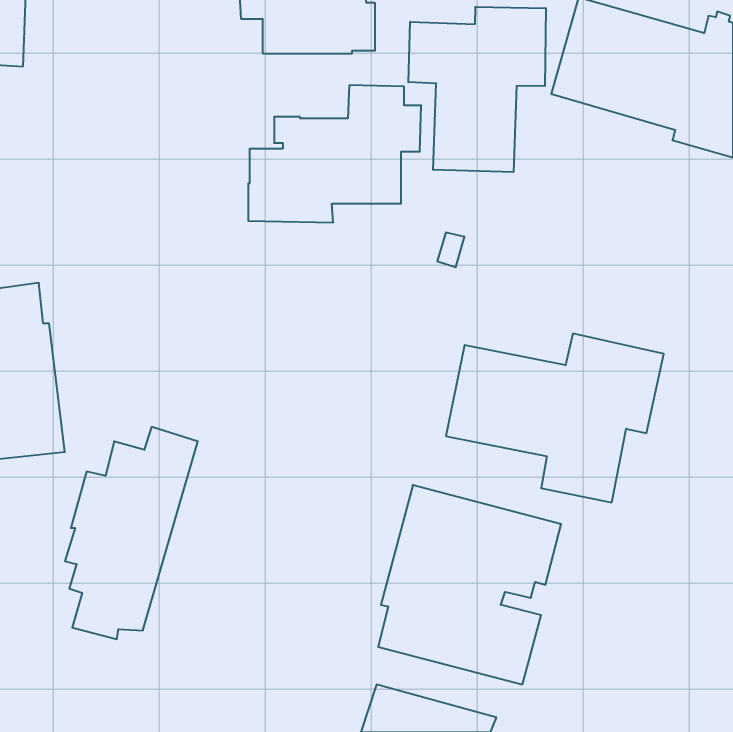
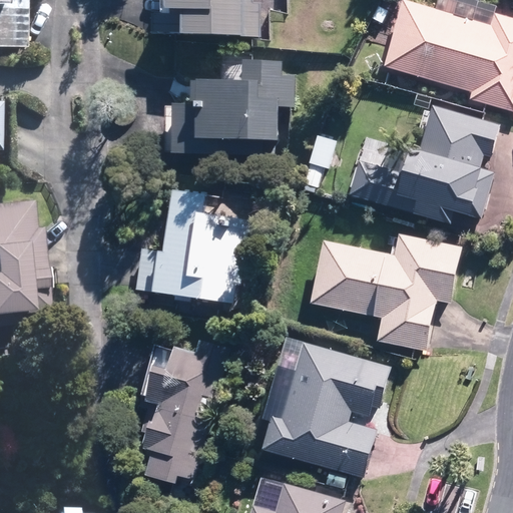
building: [408,7,546,172] -> none
building: none -> [349,104,499,224]
building: none -> [135,189,245,303]
building: [65,427,198,639] -> [140,336,232,483]

